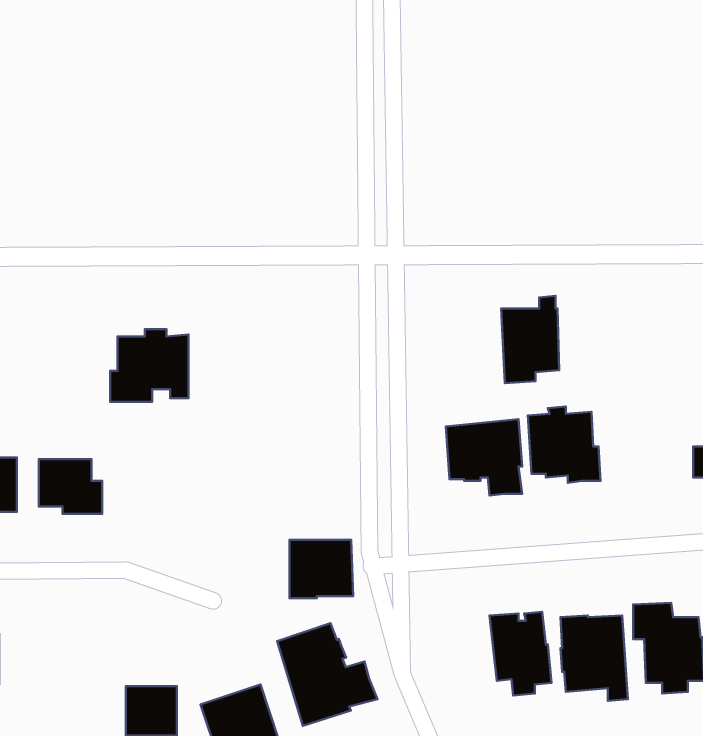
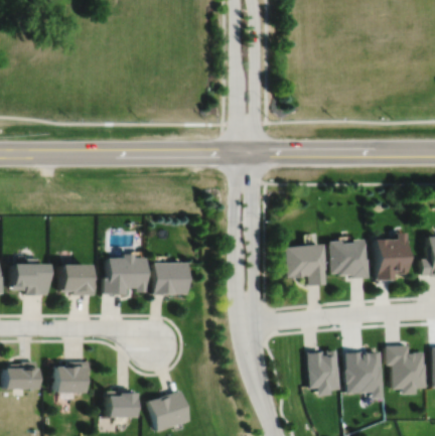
building: [501,296,559,383] -> [376,233,408,281]
building: [110,329,188,402] -> [103,255,146,295]
building: [290,540,353,598] -> [152,263,187,295]
building: [277,623,377,726] -> none
building: none -> [53,362,89,395]

